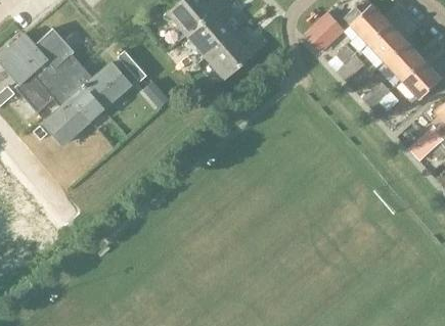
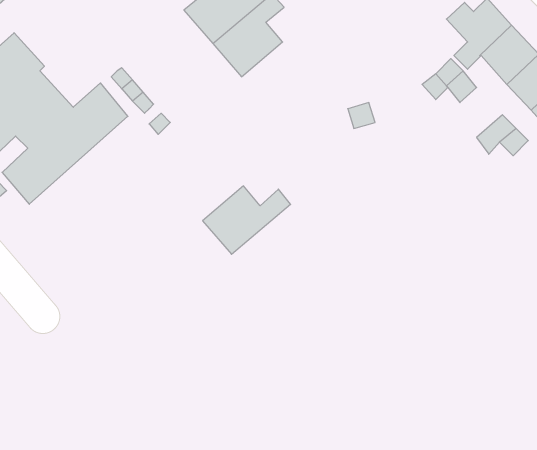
building: [304,13,343,51] -> none
building: [206,34,265,80] -> [203,186,291,254]

